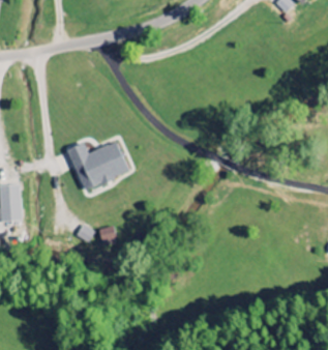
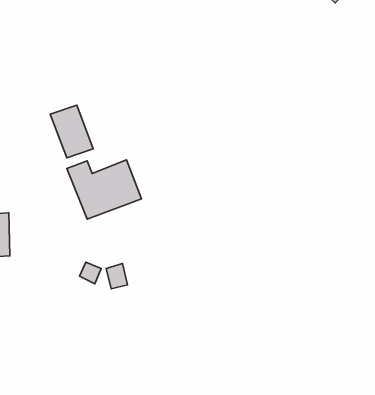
building: none -> [50,105,93,158]

